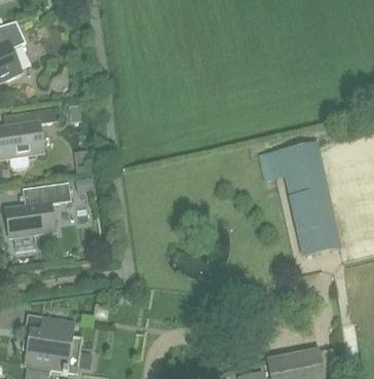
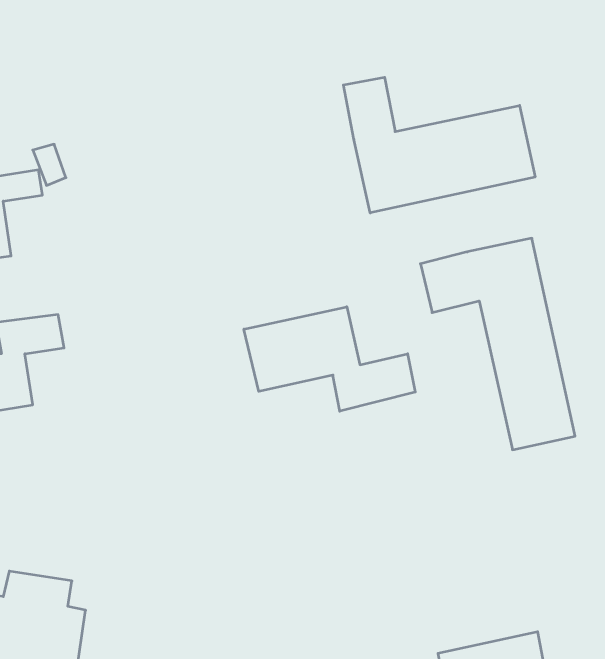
building: none -> [343,77,535,213]
building: none -> [244,307,415,411]

